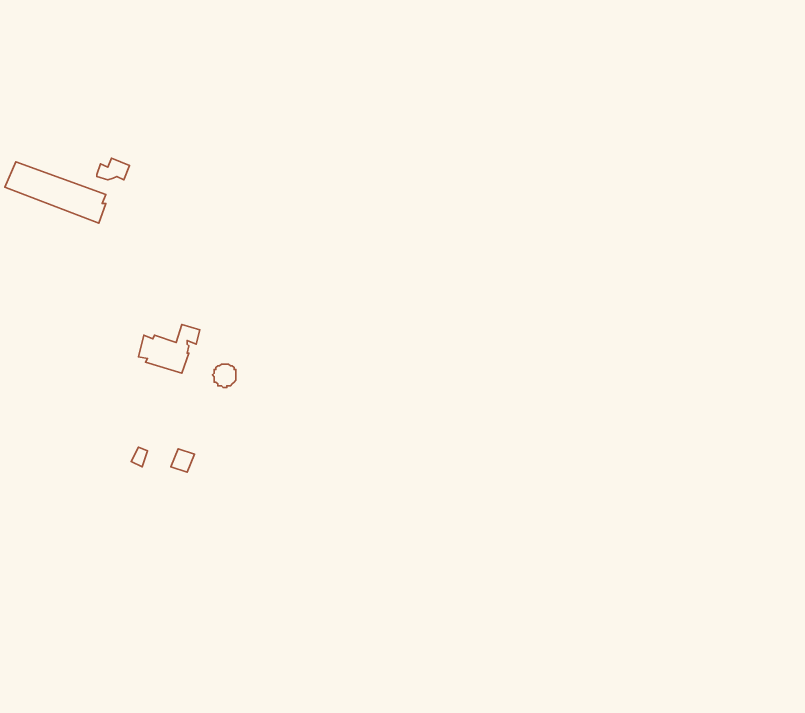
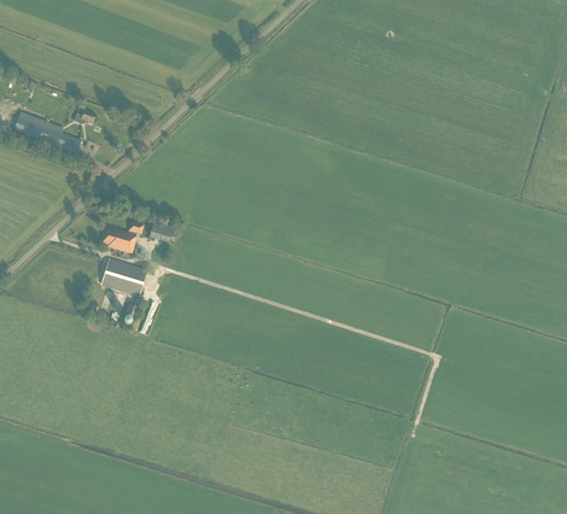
building: none -> [100,258,146,296]

